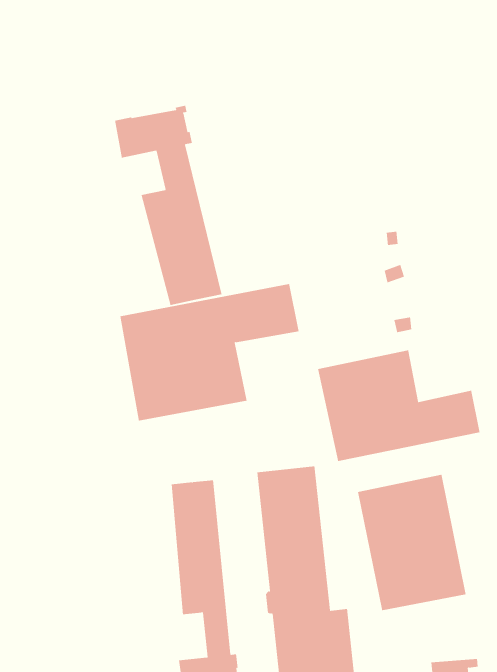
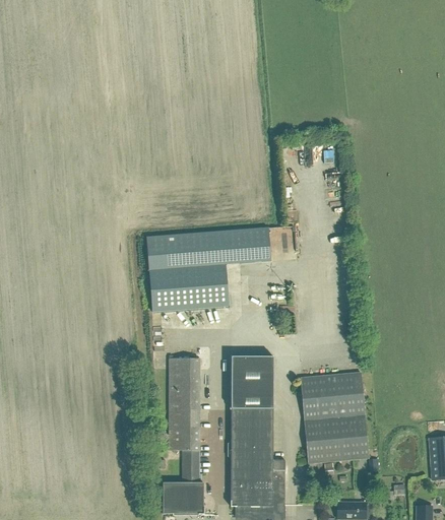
building: [114,105,222,306] -> none
building: [317,349,480,462] -> none

